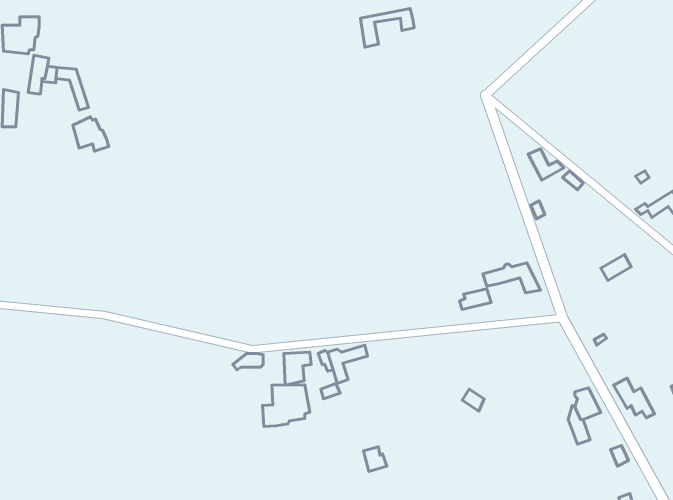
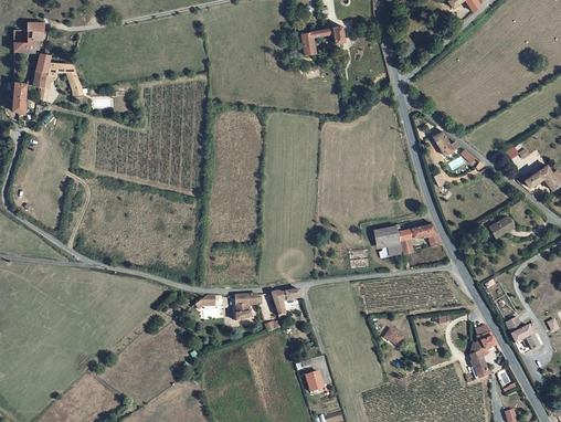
building: [73,117,109,151] -> none
building: none -> [377,225,415,255]
building: [263,385,310,427] -> none

